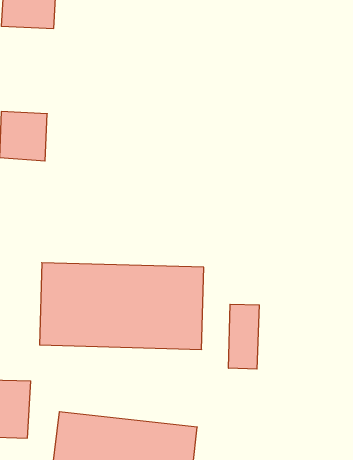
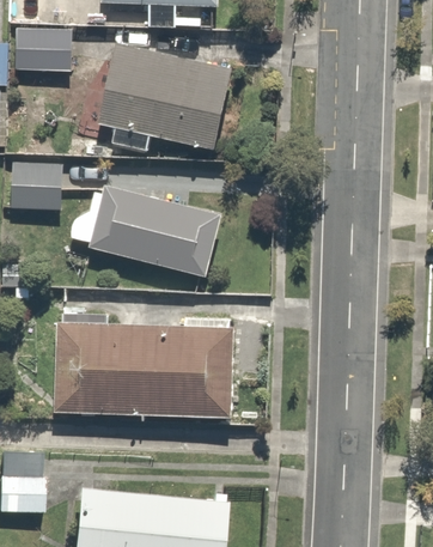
building: none -> [98,43,236,152]
building: none -> [90,184,222,276]
building: [229,304,259,369] -> none

